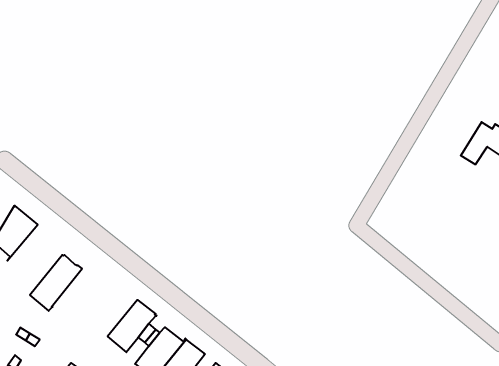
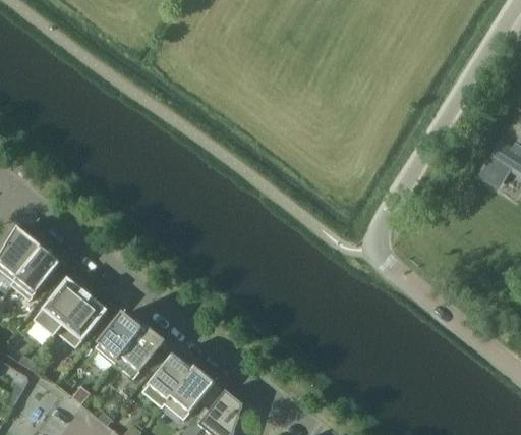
building: none -> [9,247,60,301]
building: none -> [55,292,105,347]
building: none -> [94,313,143,363]

